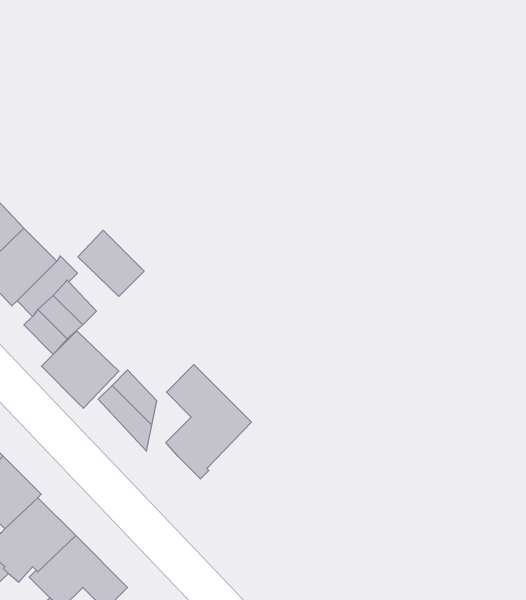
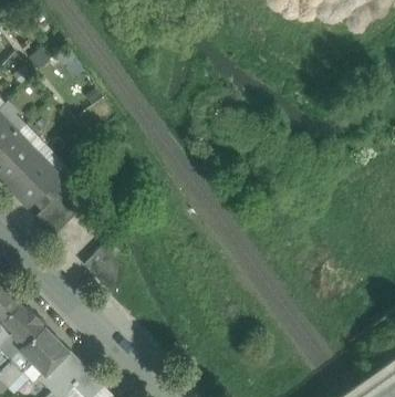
building: [78,230,144,296] -> none
building: [41,331,119,408] -> none
building: [166,365,251,479] -> none

